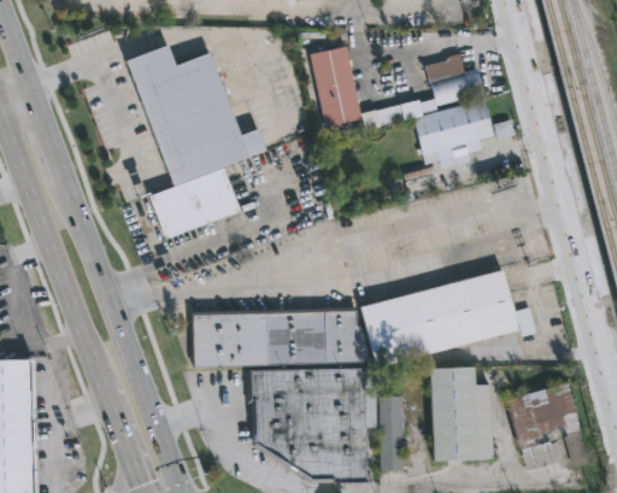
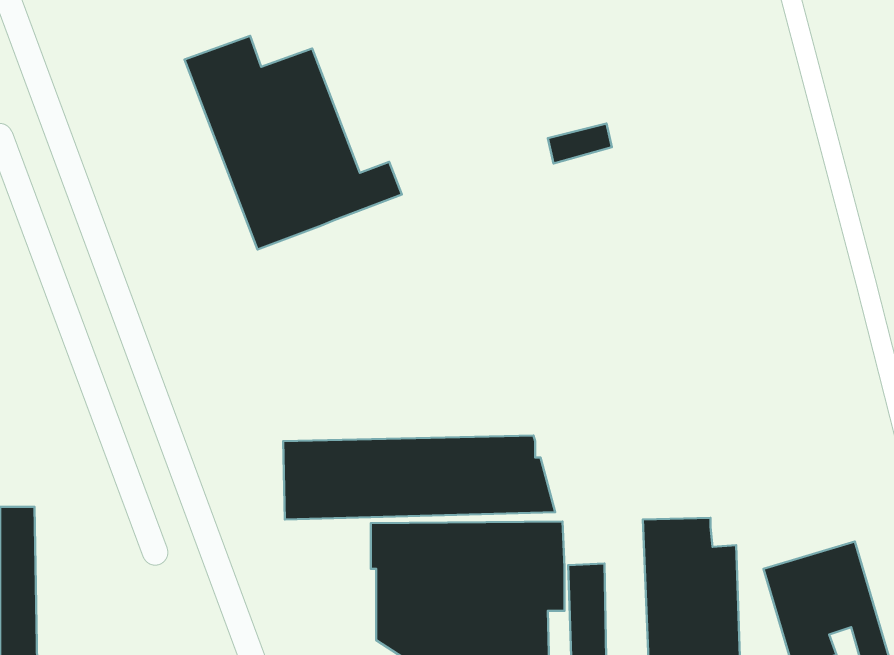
building: [311,46,363,125] -> none
building: [413,53,495,166] -> none
building: [149,168,241,237] -> none
building: [360,266,539,366] -> none

